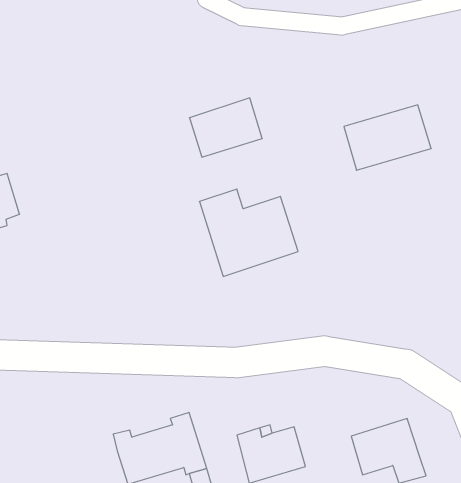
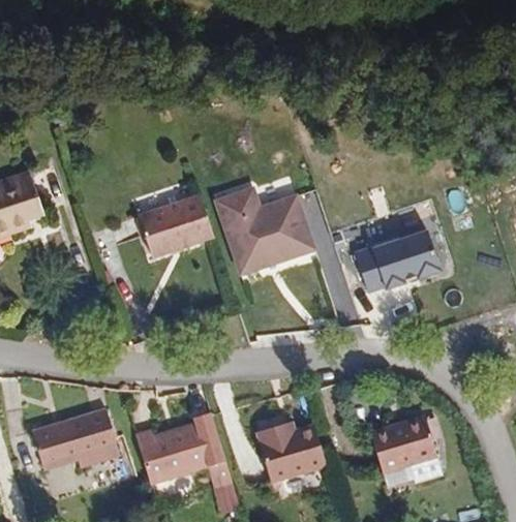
building: [189,98,262,157] -> [143,195,215,254]
building: [344,105,431,170] -> [361,227,448,293]
building: none -> [31,410,117,466]

